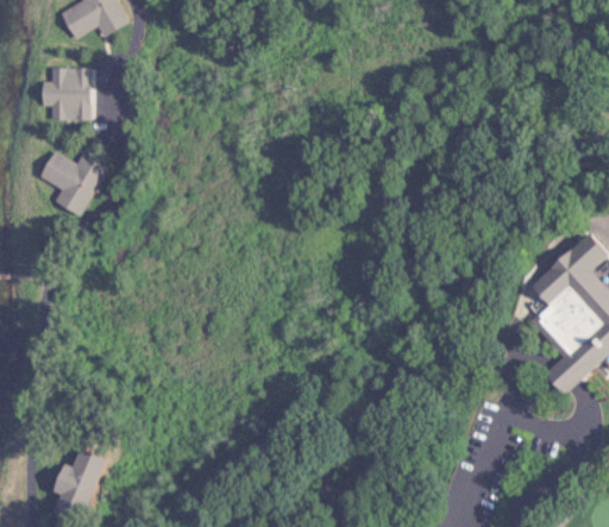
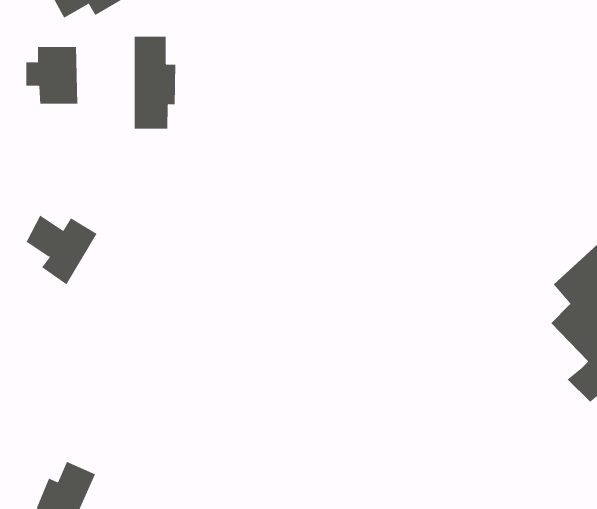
building: none -> [134,36,176,130]
building: [42,151,108,217] -> [26,215,97,285]

